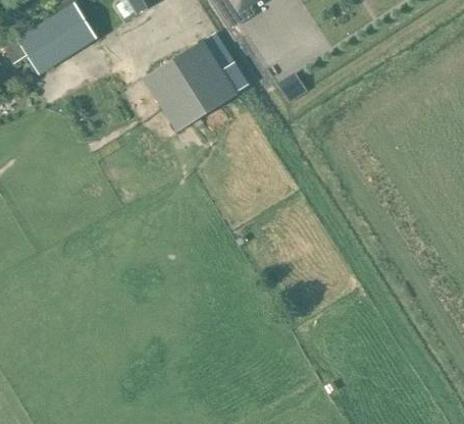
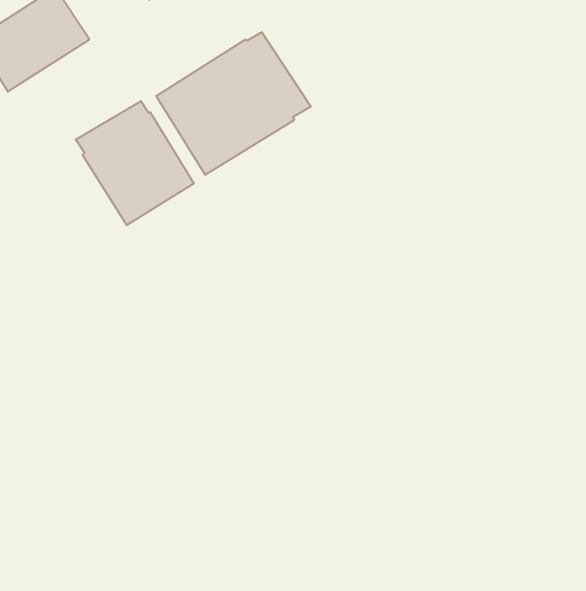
building: none -> [76,101,194,225]

